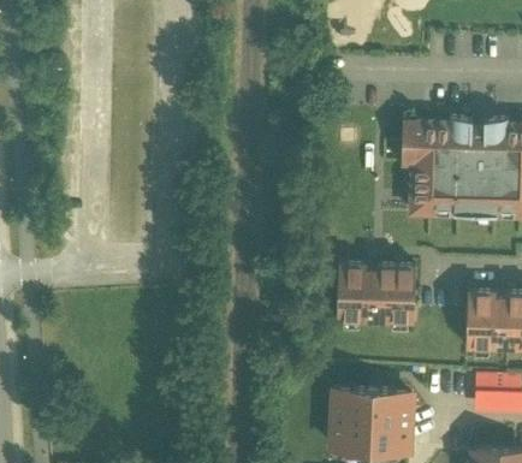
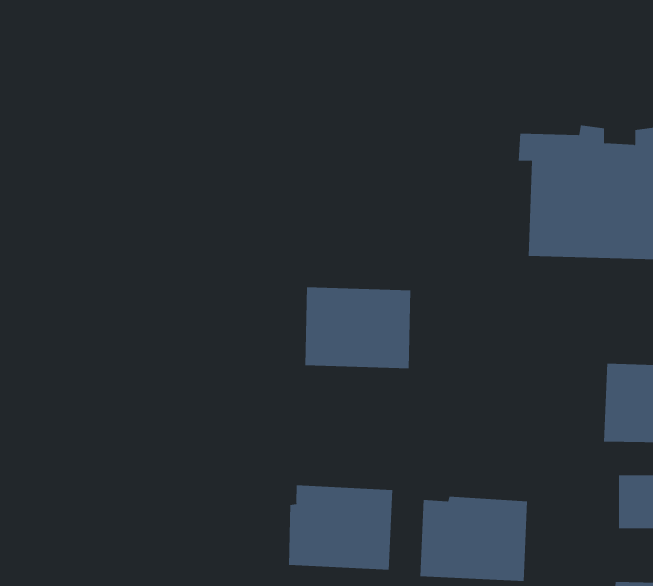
building: [338,262,416,322] -> [304,287,411,369]
building: none -> [288,485,393,571]

